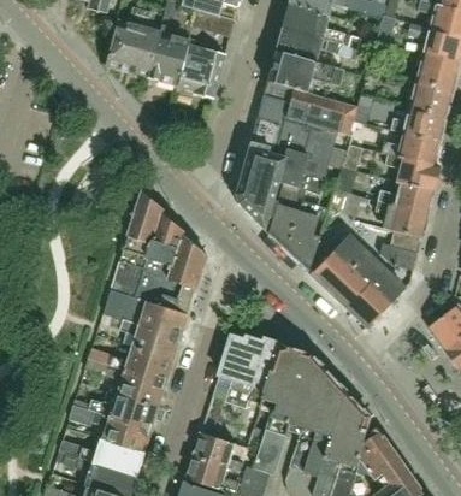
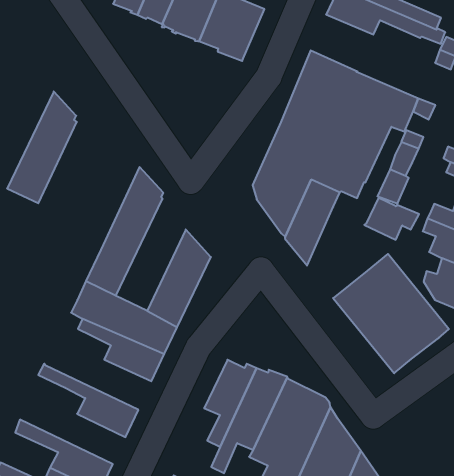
building: [265,51,341,93] -> none
building: [285,202,319,272] -> none
building: [137,214,185,305] -> [7,91,77,203]
building: [89,348,175,384] -> none
building: [75,394,160,430] -> none

